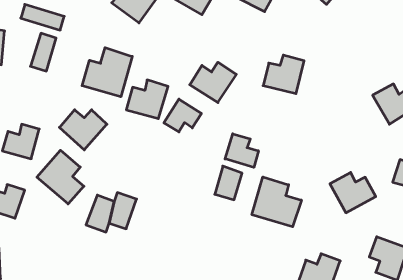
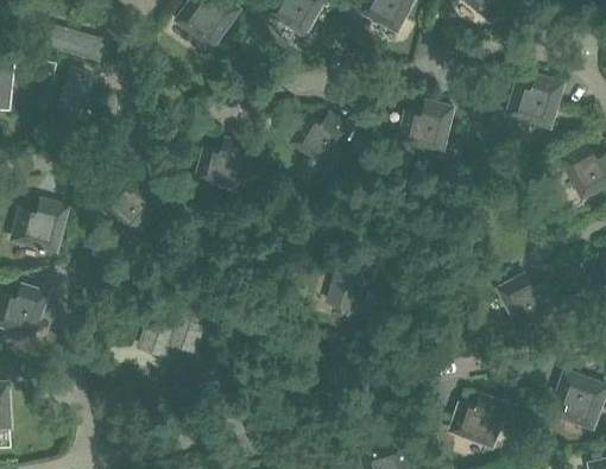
building: none -> [504,72,566,131]
building: [82,48,132,97] -> none
building: [164,99,201,132] -> none
building: [225,134,258,167] -> none
building: [37,150,84,204] -> none
building: [252,177,301,227] -> none

